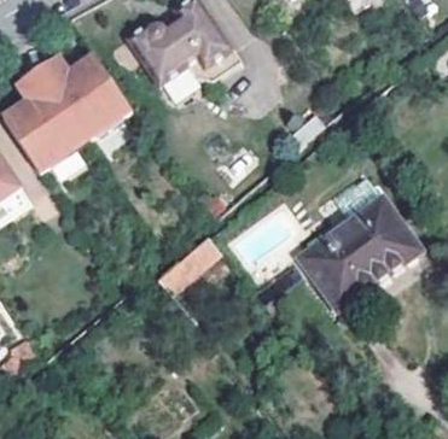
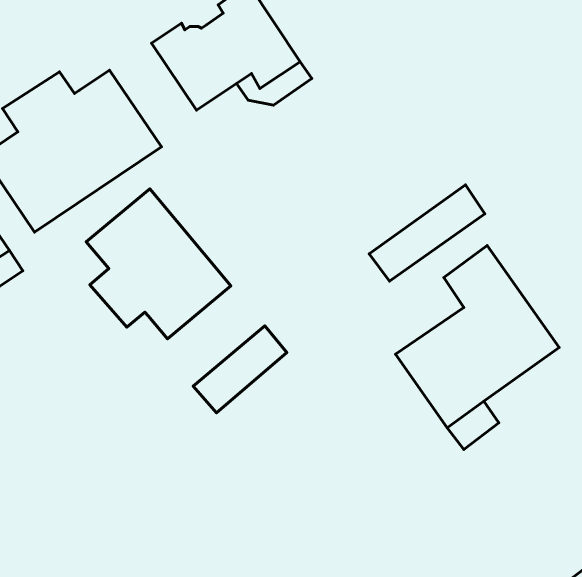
building: none -> [369,185,485,281]
building: none -> [86,189,231,339]

